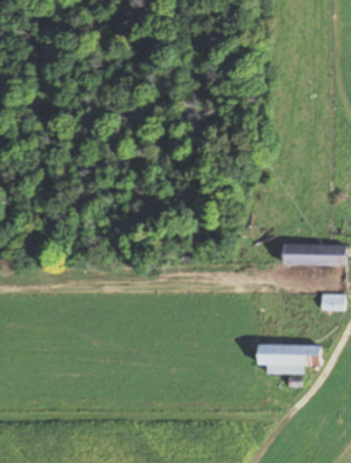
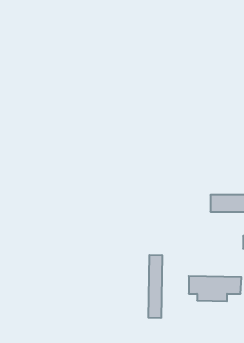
building: none -> [148,255,162,318]

